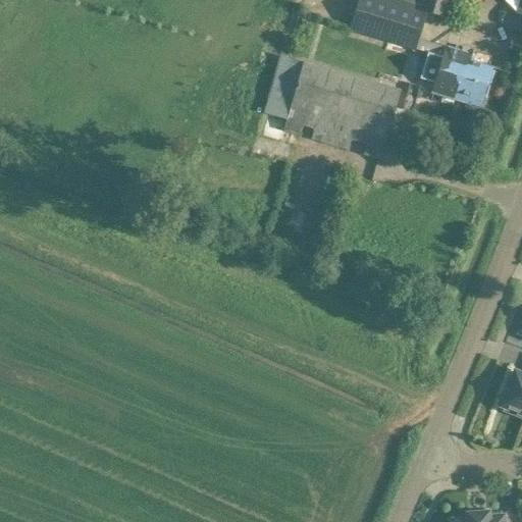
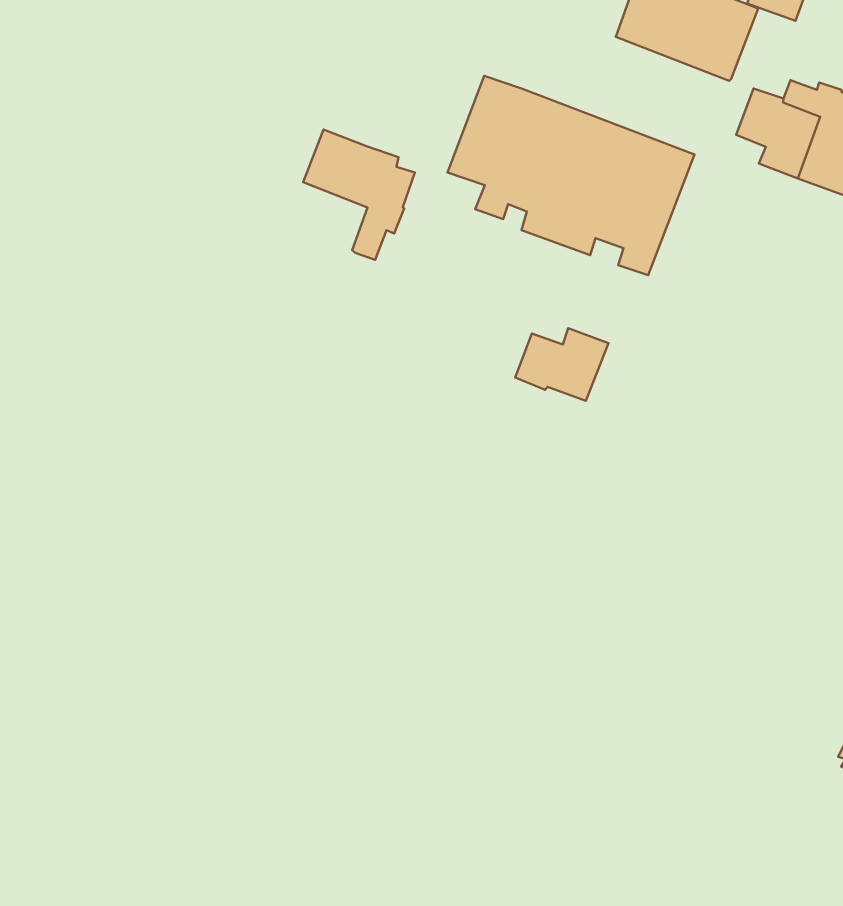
building: none -> [303,129,415,260]
building: none -> [515,328,608,401]

